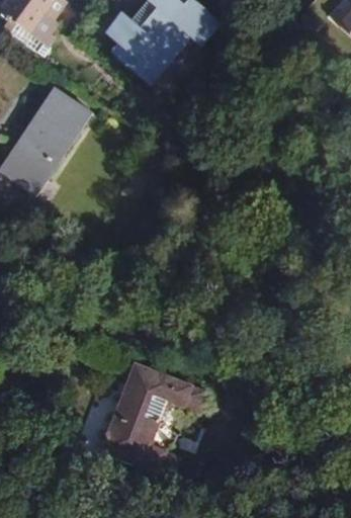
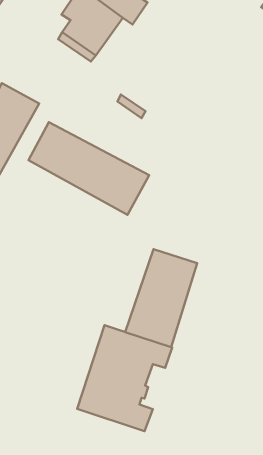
building: none -> [29,122,149,215]
building: none -> [125,249,197,347]

